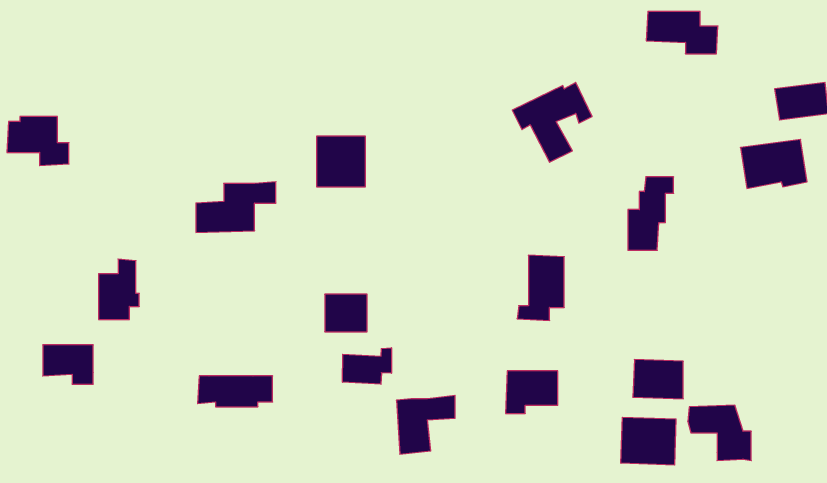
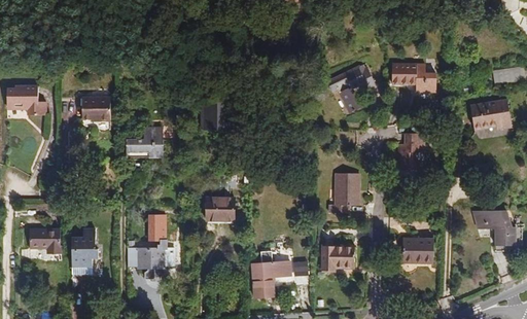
building: [646,11,718,54] -> [391,64,436,91]
building: none -> [81,96,110,120]
building: [99,259,139,319] -> [71,227,97,265]
building: none -> [148,215,166,240]
building: [343,348,391,384] -> none
building: [688,405,751,461] -> [476,210,516,245]
building: [621,417,676,465] -> none

